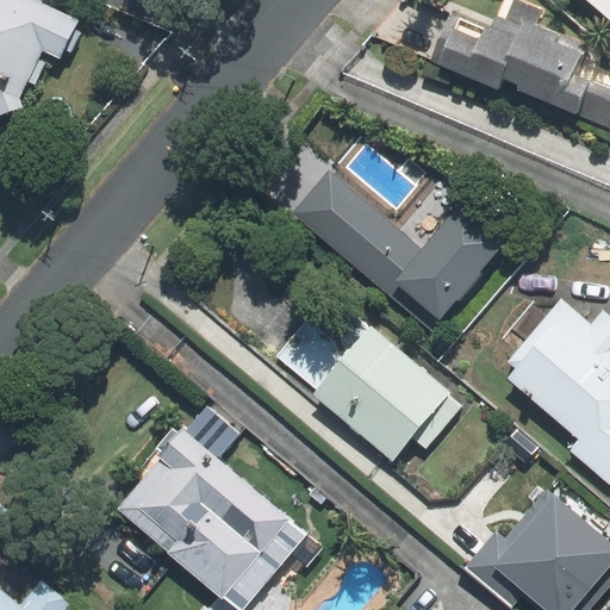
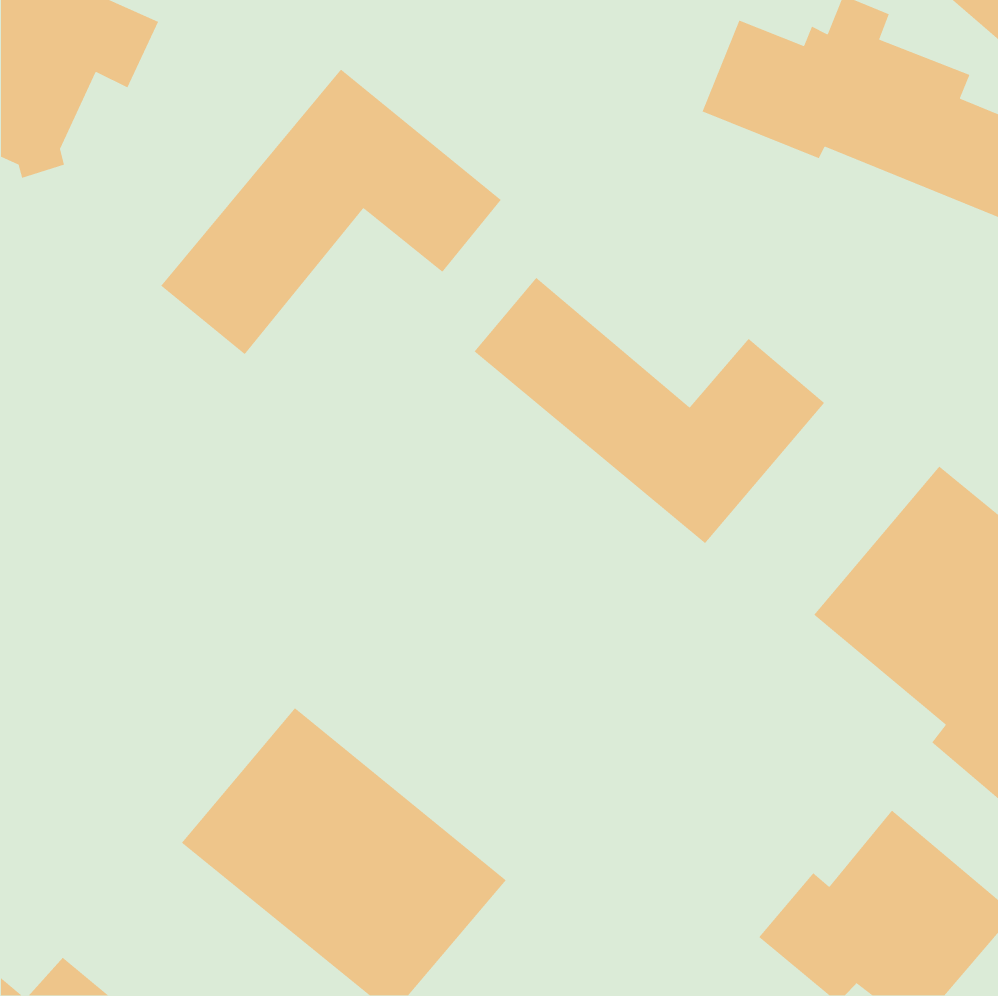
building: none -> [160,68,502,355]
building: [275,311,466,465] -> none

